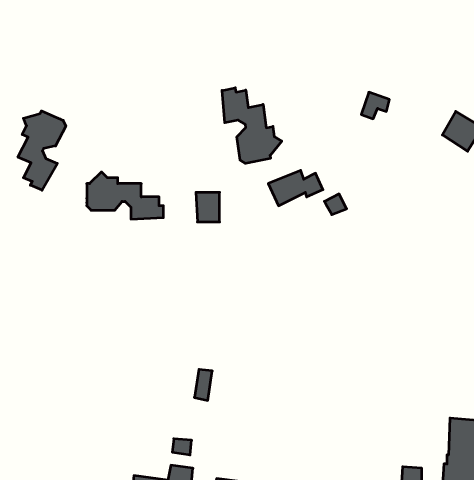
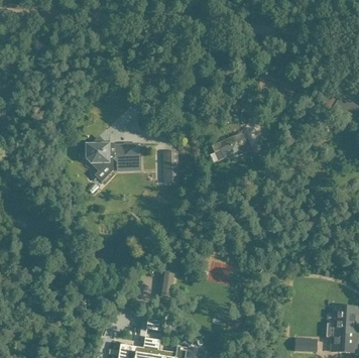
building: [222,88,282,163] -> none
building: [18,111,66,190] -> none

